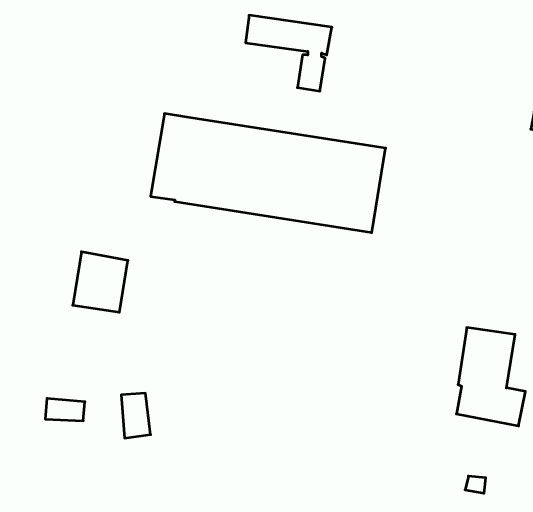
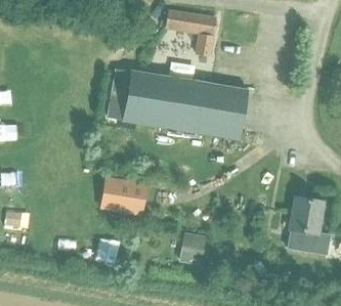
building: [73,252,128,312] -> [113,179,145,215]
building: none -> [180,232,206,264]

